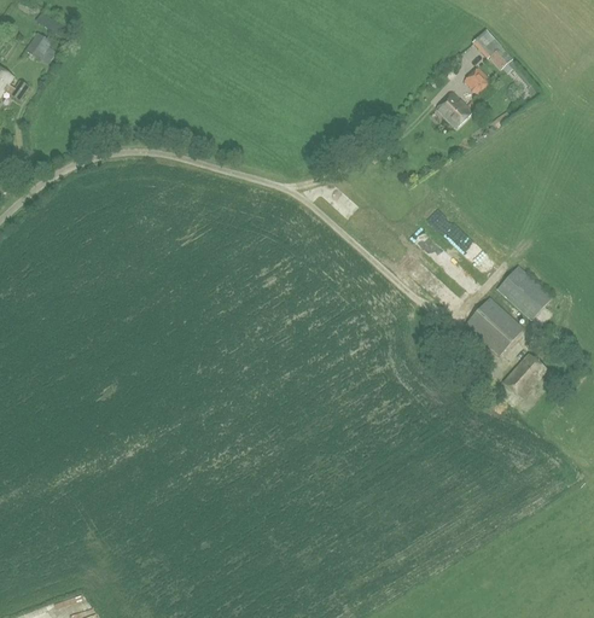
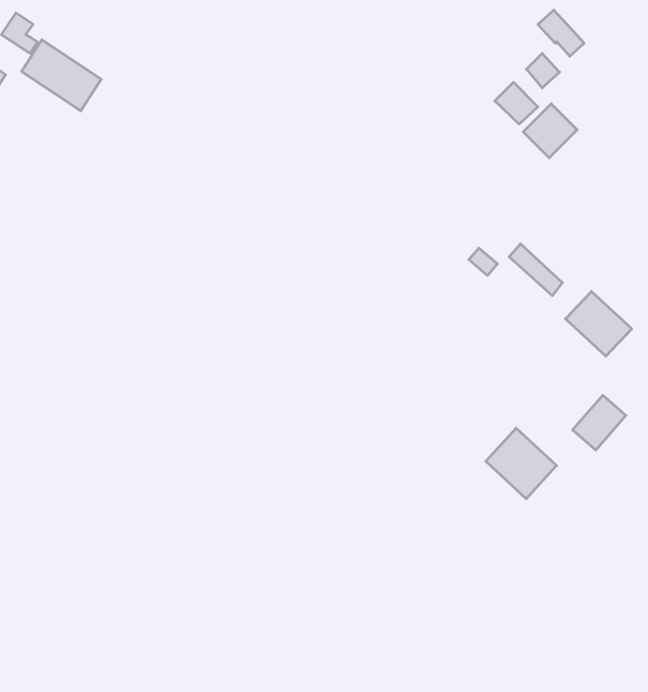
building: none -> [22,40,101,111]
building: none -> [523,104,577,158]
building: [462,297,522,356] -> [486,428,557,499]

